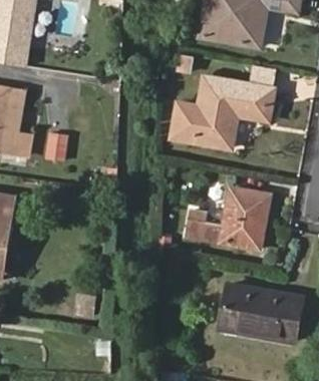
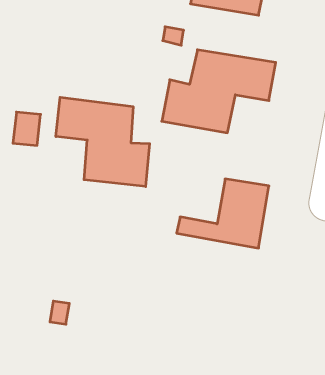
building: none -> [56,97,150,187]
building: [221,284,302,342] -> none

